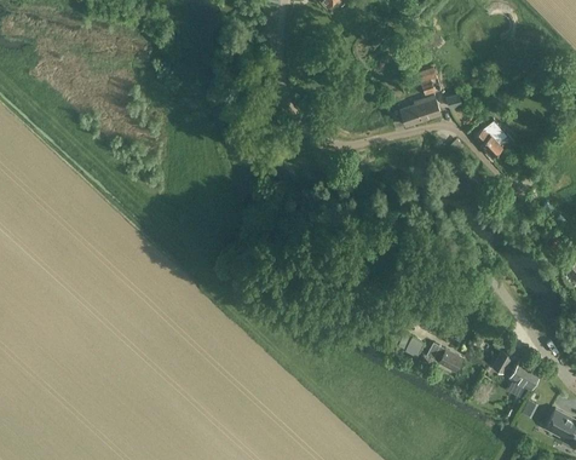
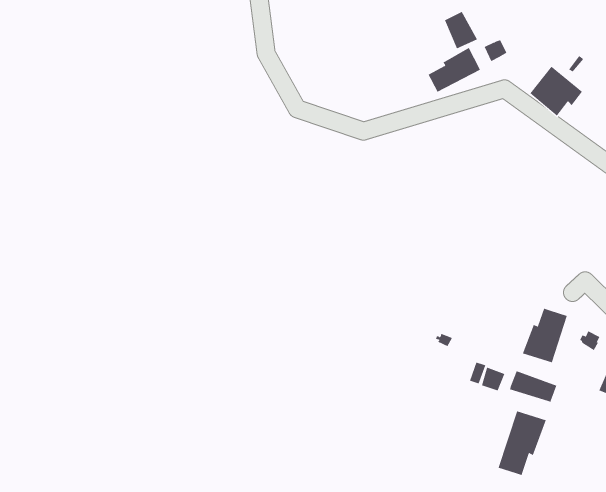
building: none -> [522,308,568,363]
building: none -> [498,410,546,476]

